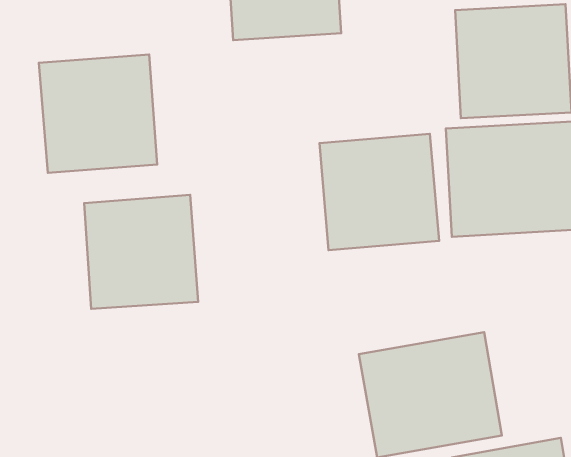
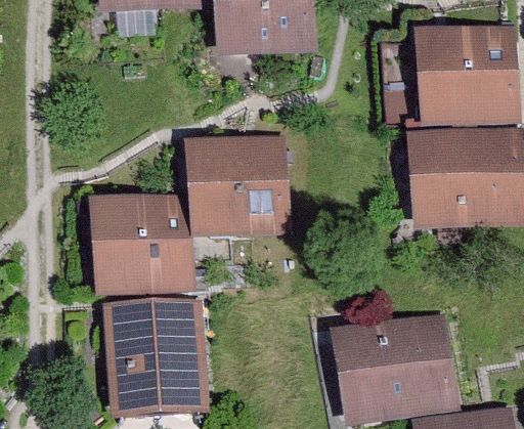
building: [39,55,157,173] -> none
building: [319,134,439,250] -> [185,135,291,238]
building: none -> [105,297,205,414]

